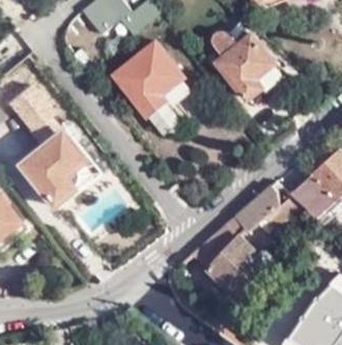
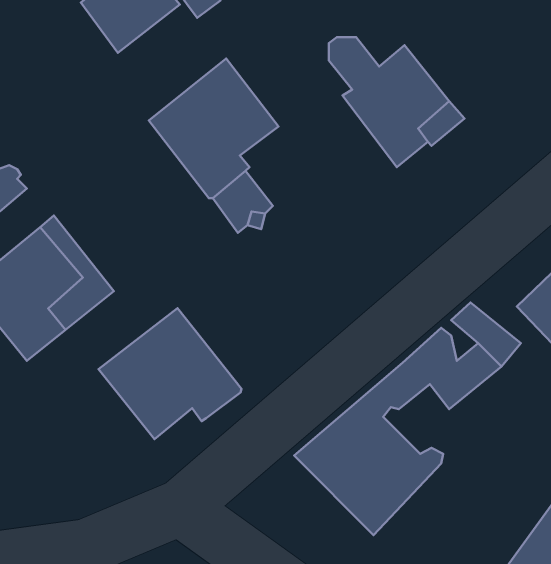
building: none -> [98,308,242,439]

